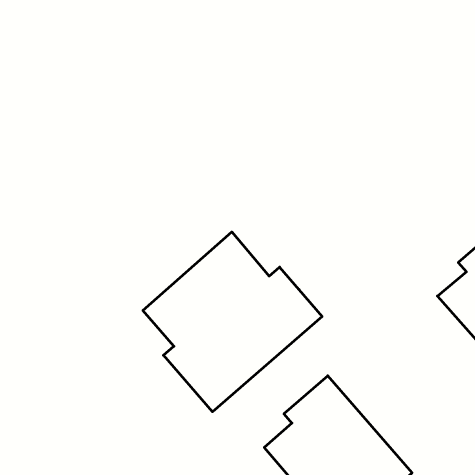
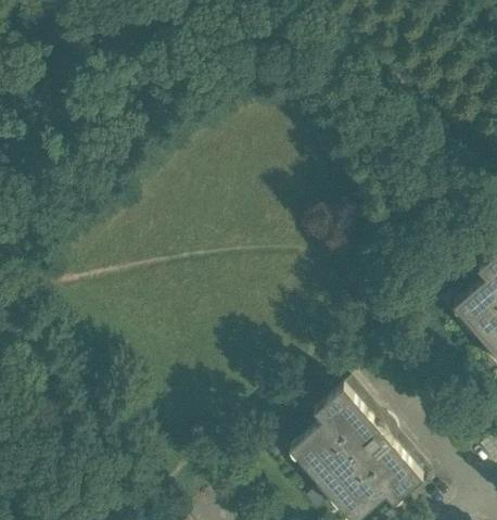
building: [143,232,322,412] -> none

